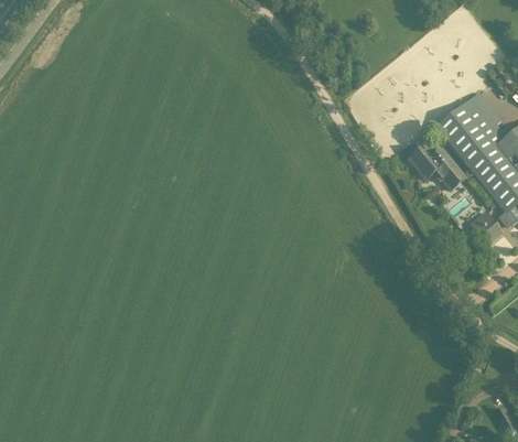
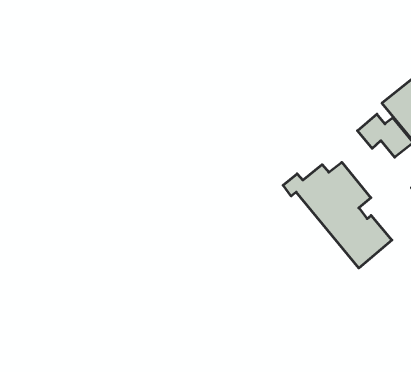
building: none -> [283,162,392,268]

